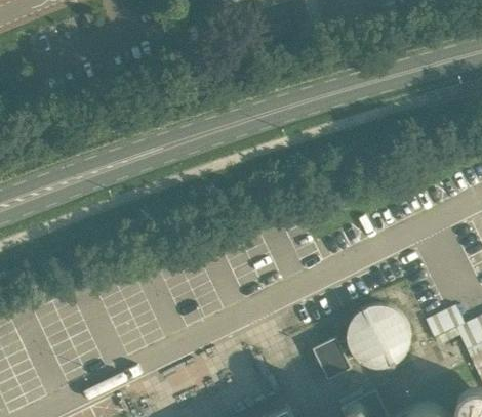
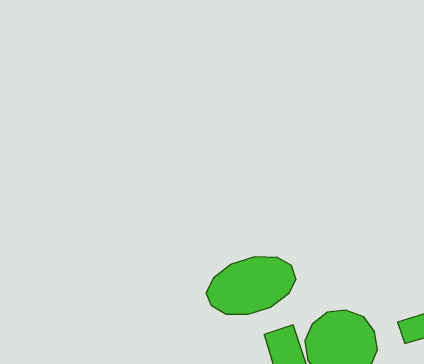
building: none -> [206,257,296,314]

